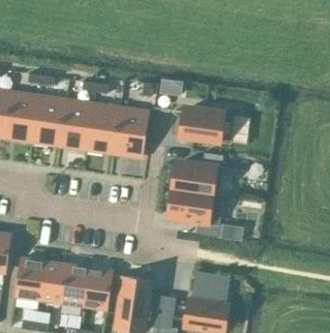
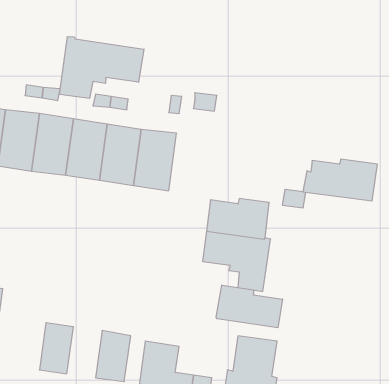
building: none -> [59,37,144,98]
building: [175,110,234,143] -> [303,159,377,201]
building: none -> [216,285,282,328]
building: [16,259,43,299] -> none
building: [60,265,88,305] -> none

